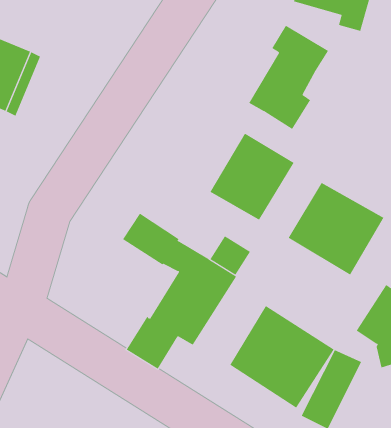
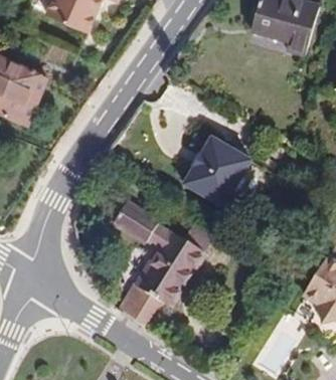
building: [249,25,329,130] -> none
building: [288,182,384,275] -> none
building: [230,305,335,409] -> none

